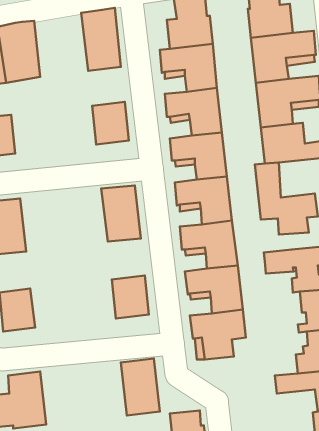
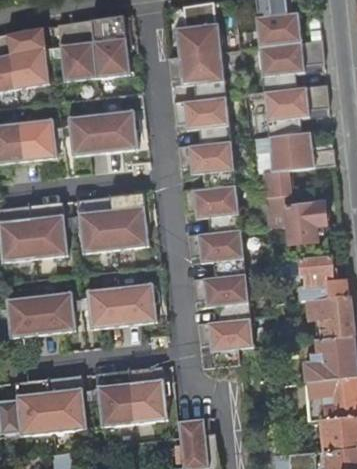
building: none -> [57,21,97,83]
building: none -> [68,114,105,157]
building: none -> [20,119,57,162]
building: none -> [78,197,117,254]
building: none -> [29,203,69,260]
building: none -> [88,288,125,330]
building: none -> [39,293,78,336]
building: none -> [97,371,136,428]
building: none -> [49,376,88,433]

